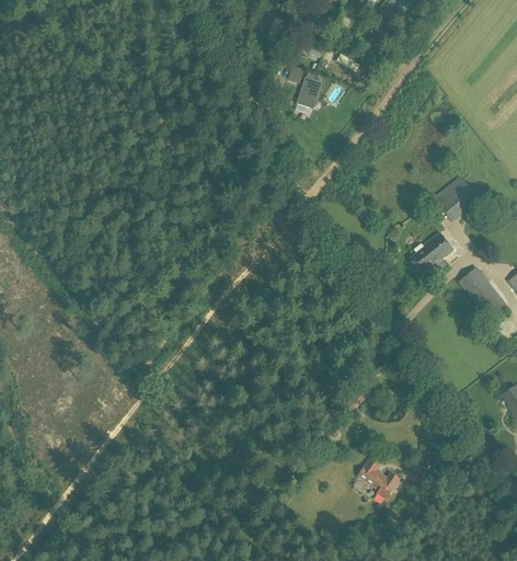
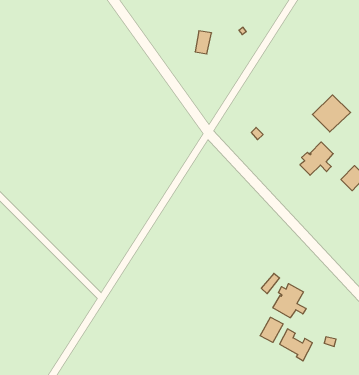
building: none -> [273,284,306,318]
building: none -> [260,317,283,342]

